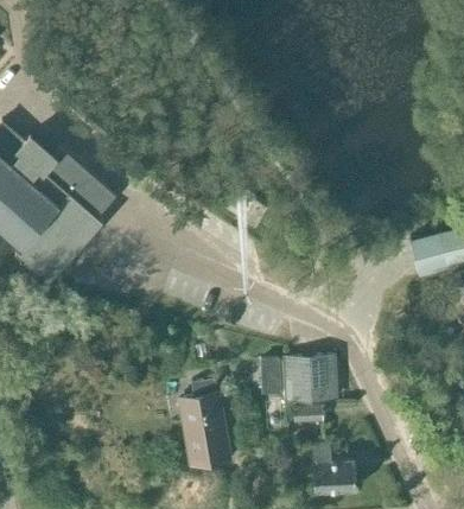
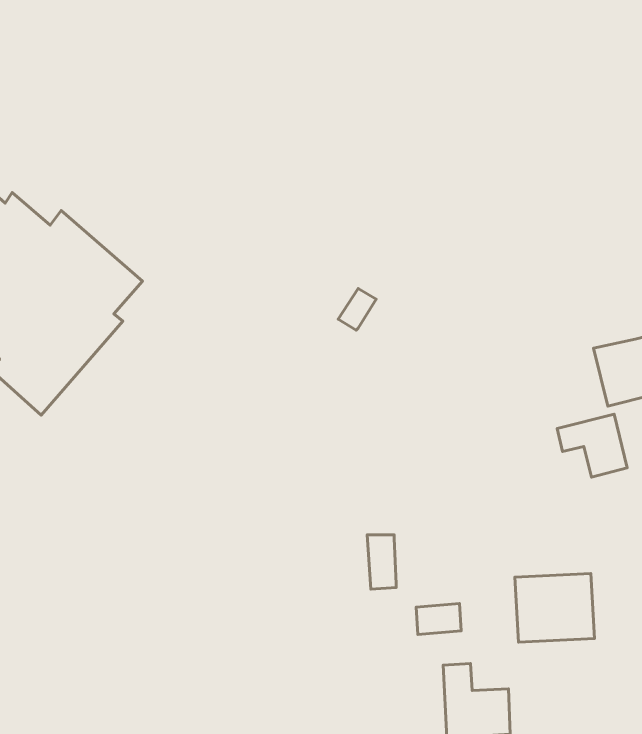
building: none -> [557,414,627,477]
building: [285,357,337,402] -> [515,573,595,642]
building: [180,380,230,469] -> none

